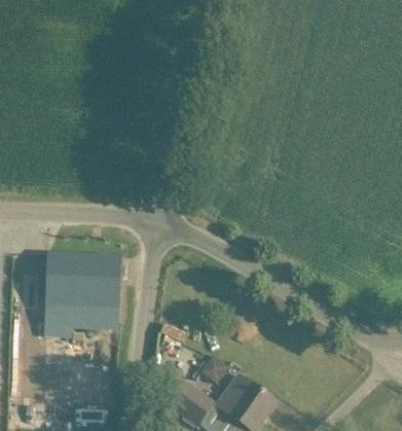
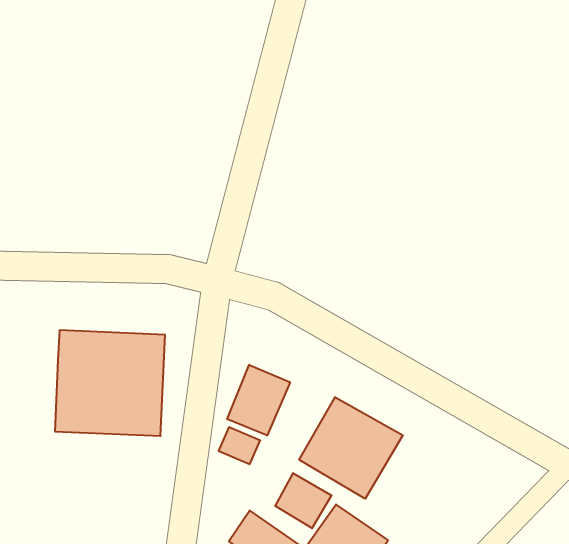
building: none -> [227,365,290,435]
building: none -> [299,397,403,499]

